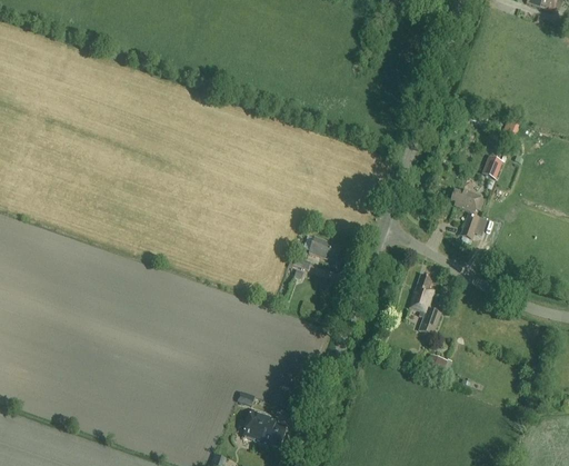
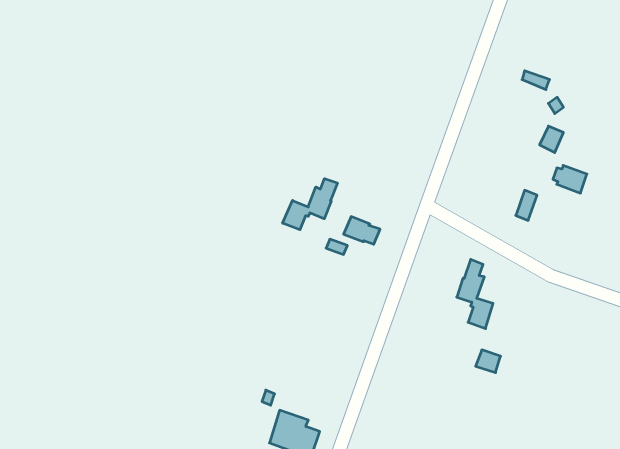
building: [451,187,481,211] -> [553,165,587,193]
building: none -> [283,179,337,230]

